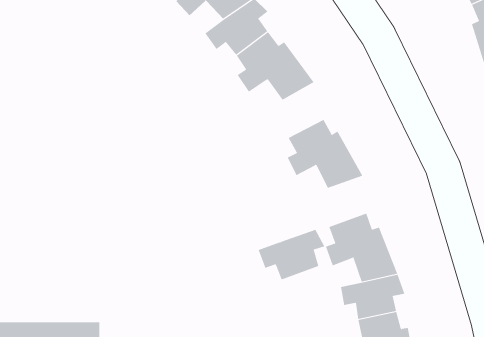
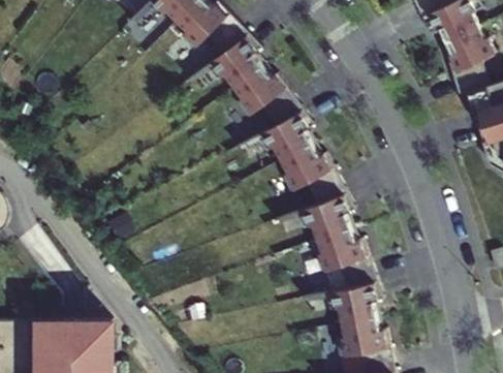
building: none -> [254,110,313,159]
building: [258,229,325,280] -> [294,193,354,239]

